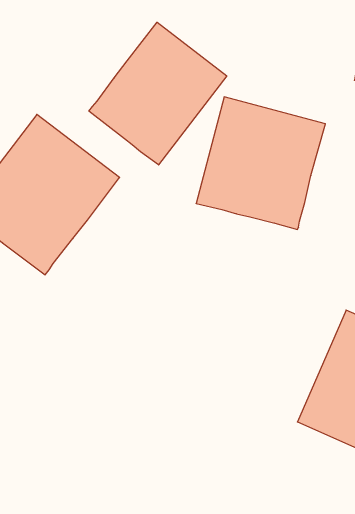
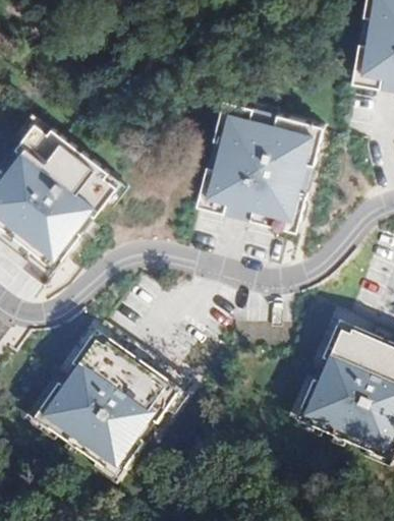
building: [89,22,227,165] -> none
building: none -> [34,320,188,477]

